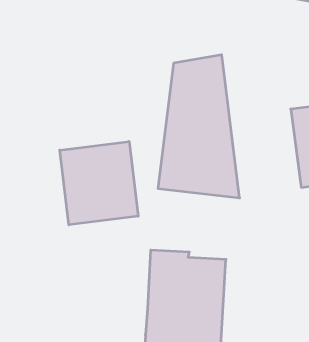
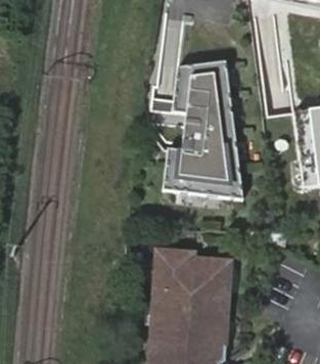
building: [60,141,138,225] -> none

